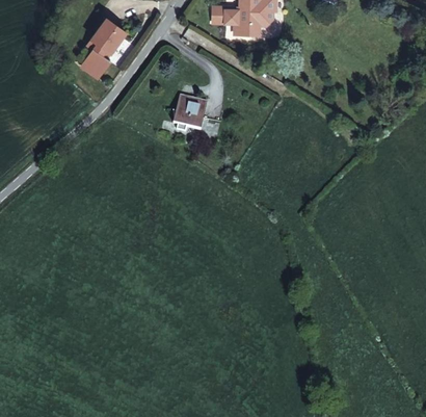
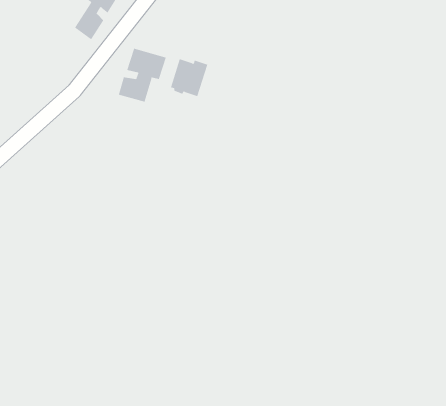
building: none -> [118,48,167,102]

